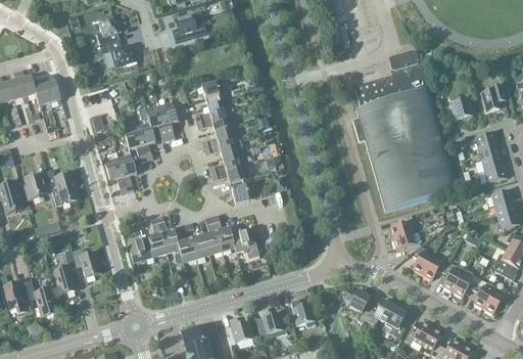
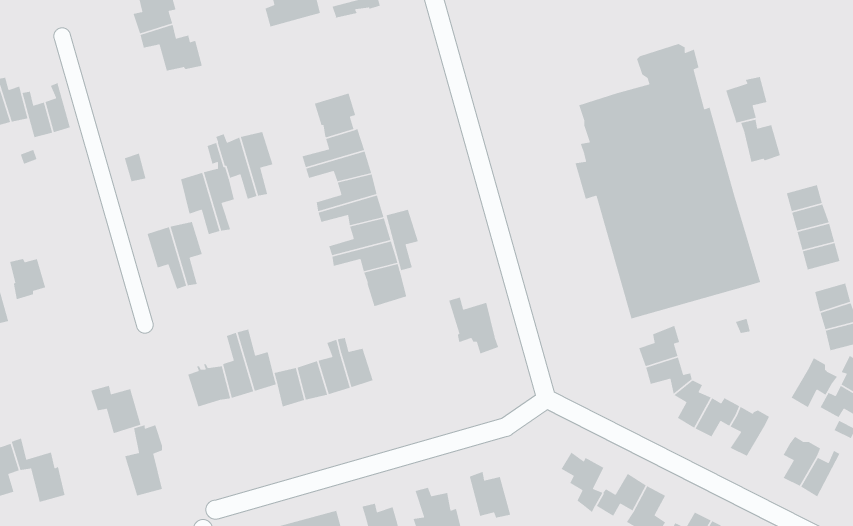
building: [481,84,506,111] -> [725,76,768,124]
building: none -> [386,209,419,271]
building: [46,169,80,206] -> none
building: [230,225,259,259] -> [448,297,499,355]
building: [53,252,76,294] -> [124,424,163,496]
building: [453,267,480,297] -> [791,357,838,408]

